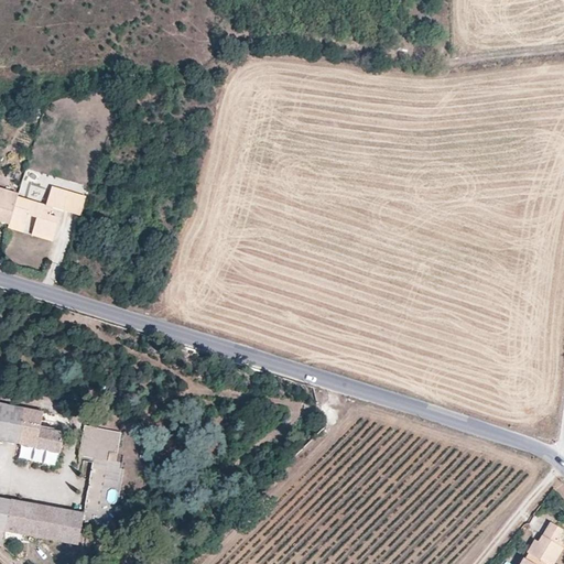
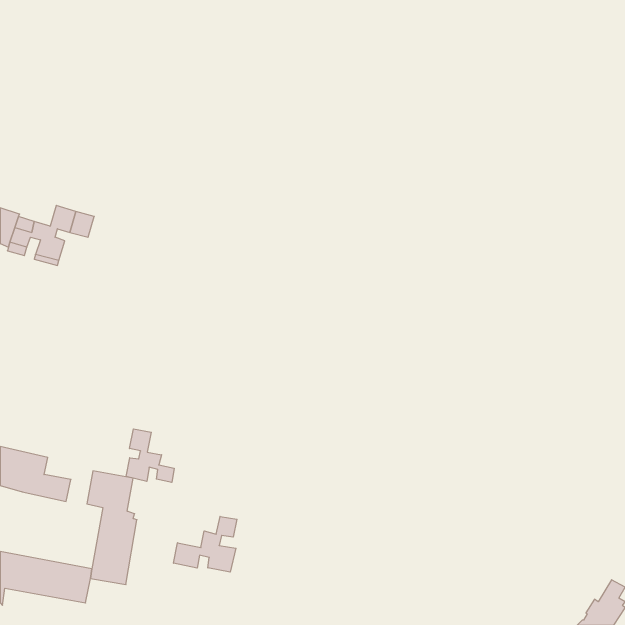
building: none -> [126,429,174,482]
building: none -> [174,516,237,572]

